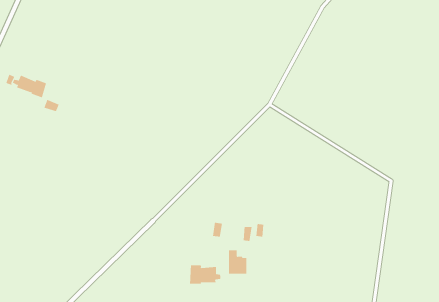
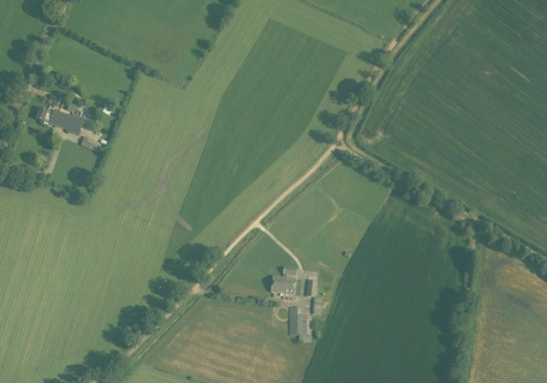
building: [190,264,221,284] -> none

